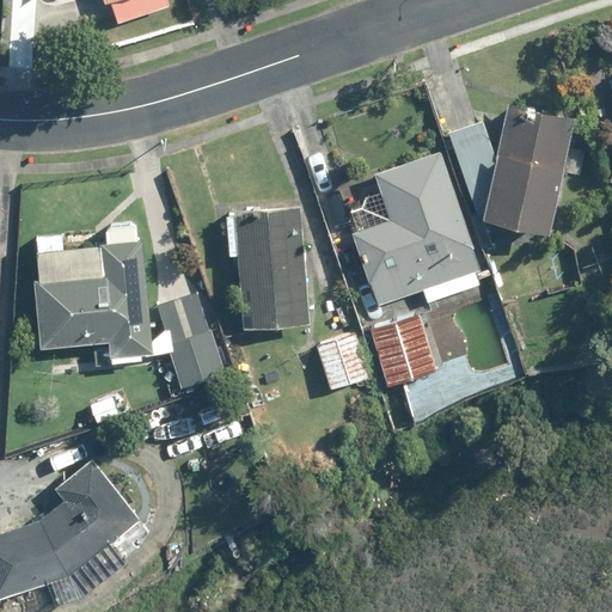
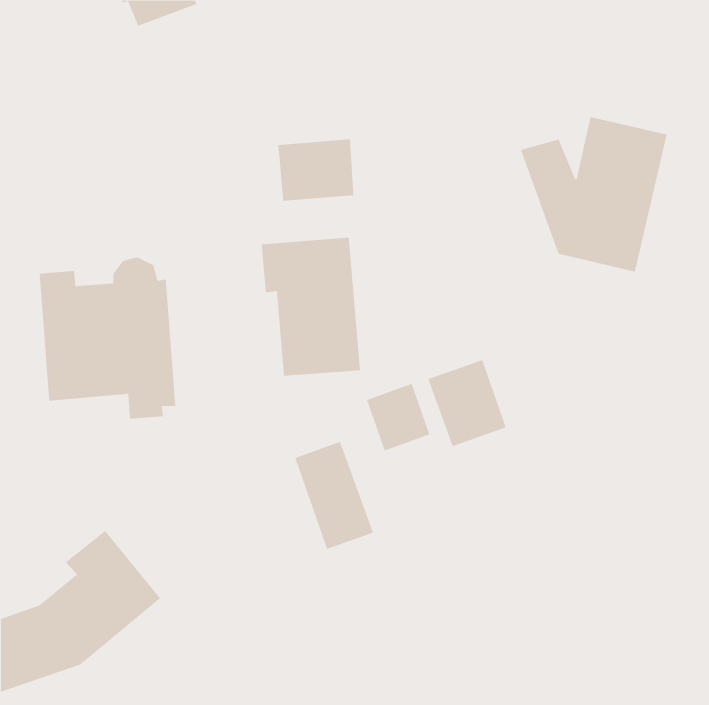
building: none -> [278,139,354,202]
building: [350,149,484,310] -> none
building: [157,294,225,387] -> [295,441,374,550]

